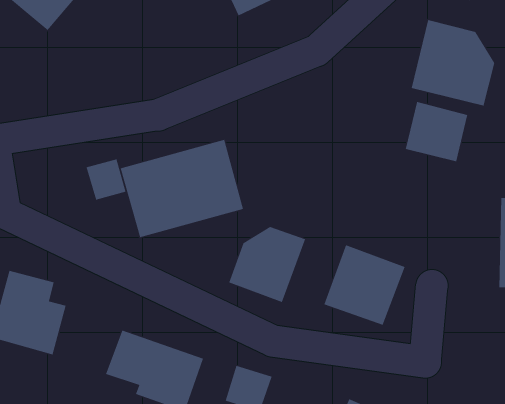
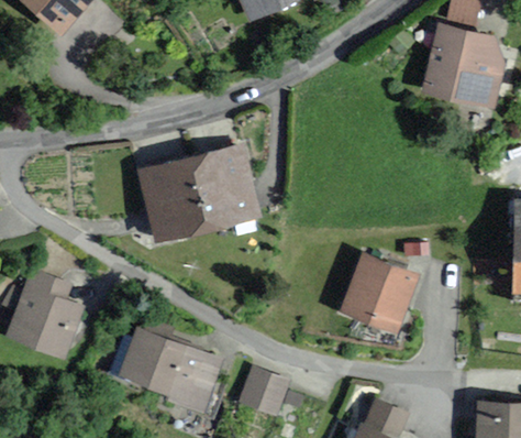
building: [405,101,468,162] -> none
building: [86,159,126,201] -> none
building: [229,226,306,303] -> none

